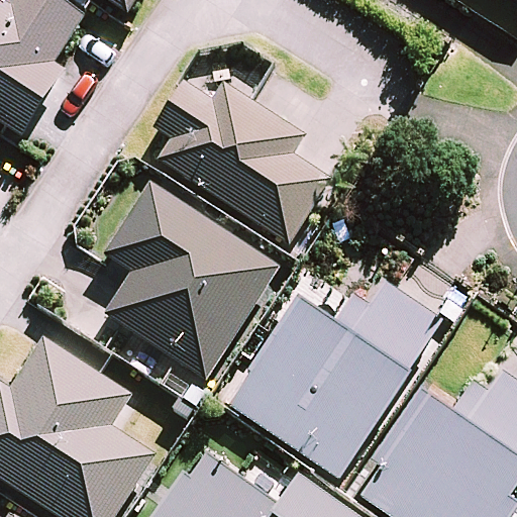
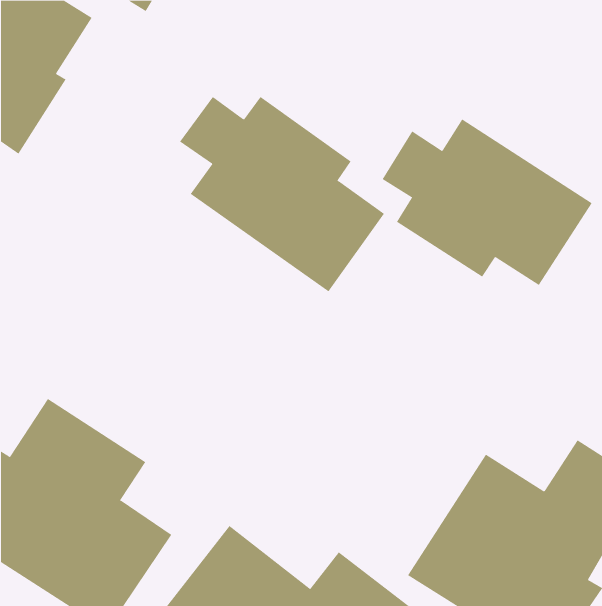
building: none -> [382,118,592,286]
building: [106,183,280,382] -> none
building: [228,278,440,474] -> none

